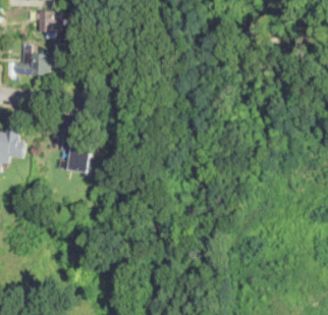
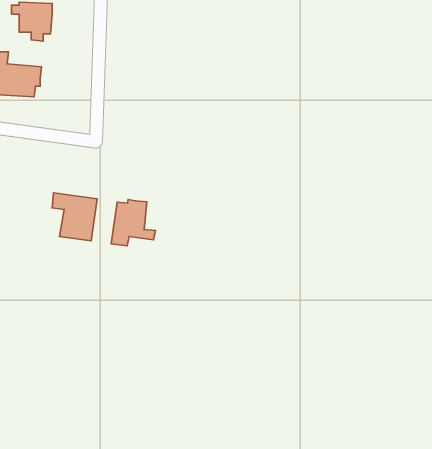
building: none -> [111,200,156,246]

